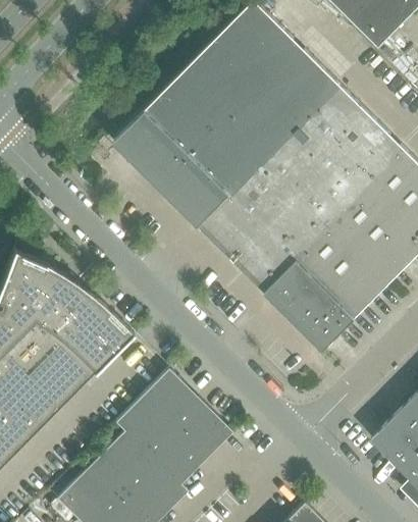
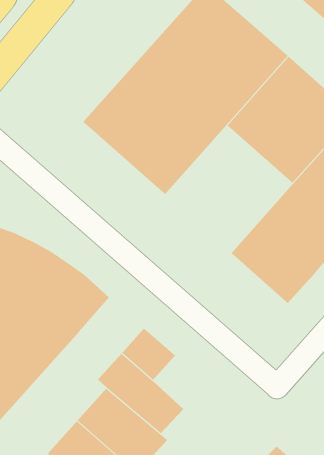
building: [198,156,335,294] -> none
building: [174,401,231,459] -> none

